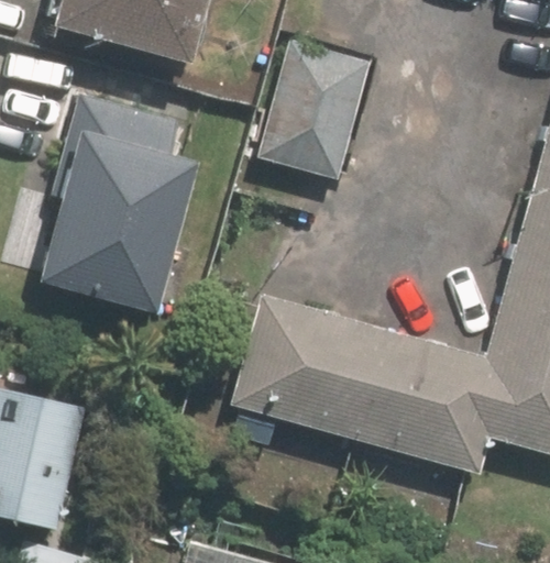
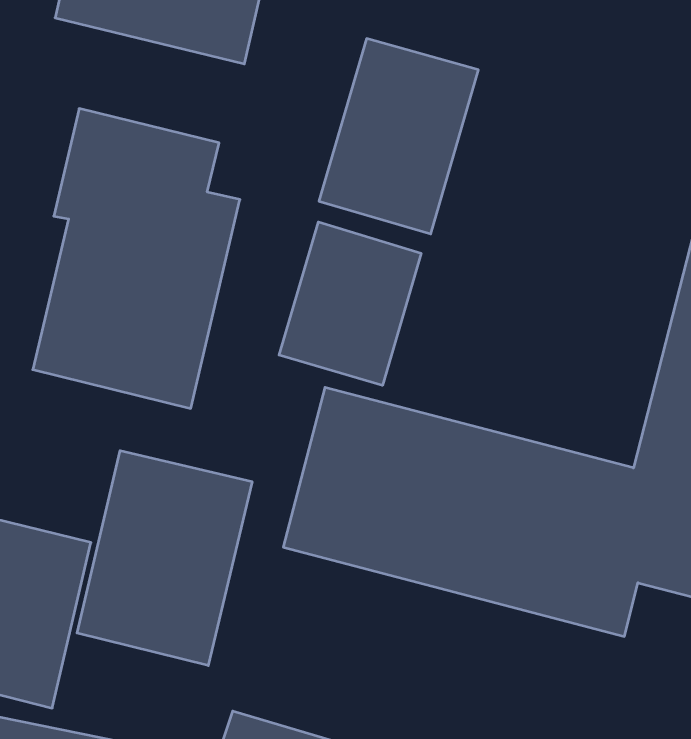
building: none -> [279,222,421,385]
building: none -> [77,451,252,666]

